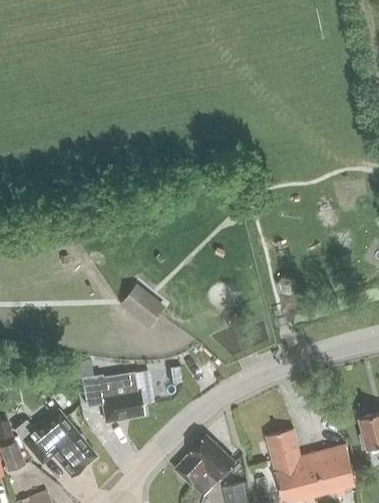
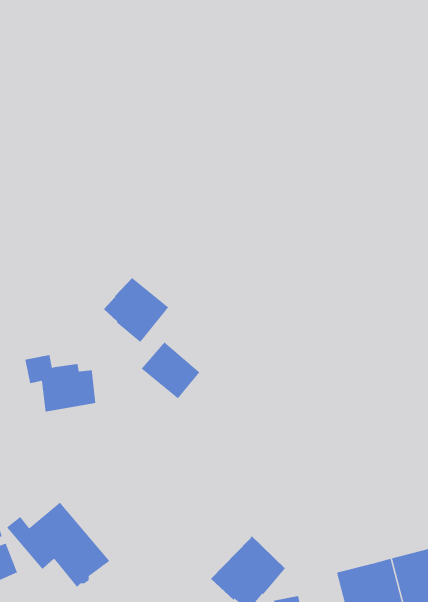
building: none -> [103,277,170,343]
building: [87,378,143,423] -> [24,354,96,412]
building: [266,430,301,465] -> none

